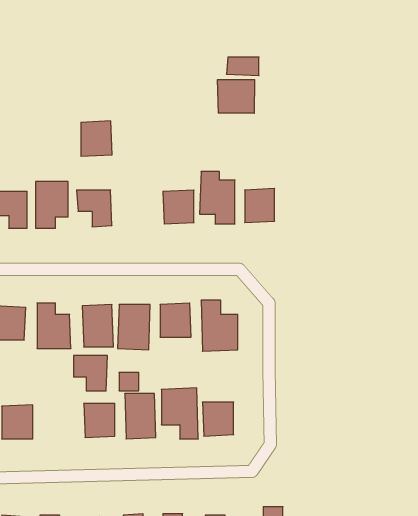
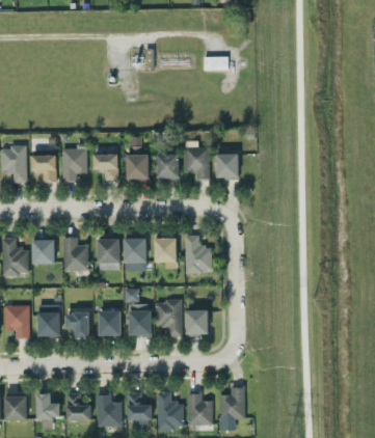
building: [218,80,255,113] -> none
building: [81,121,112,156] -> [126,155,149,181]
building: [74,356,107,391] -> [65,313,90,339]

